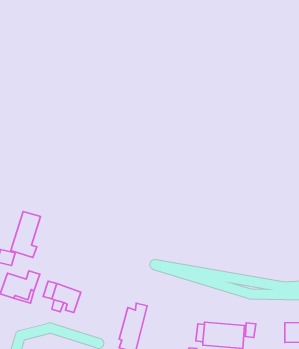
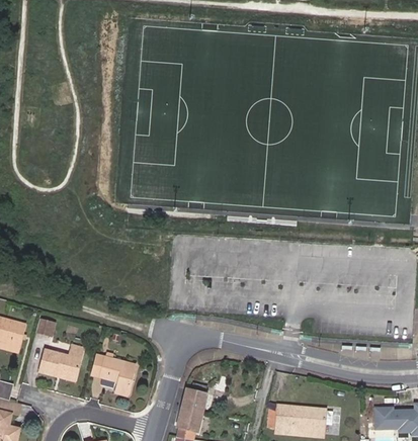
building: [11,211,41,258] -> none

